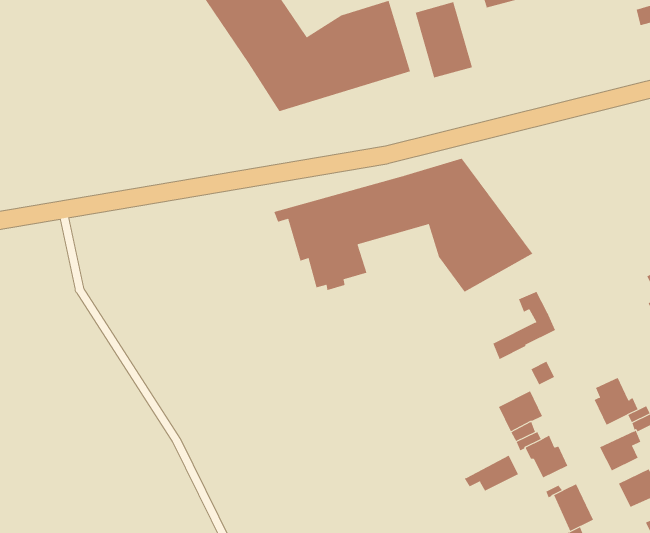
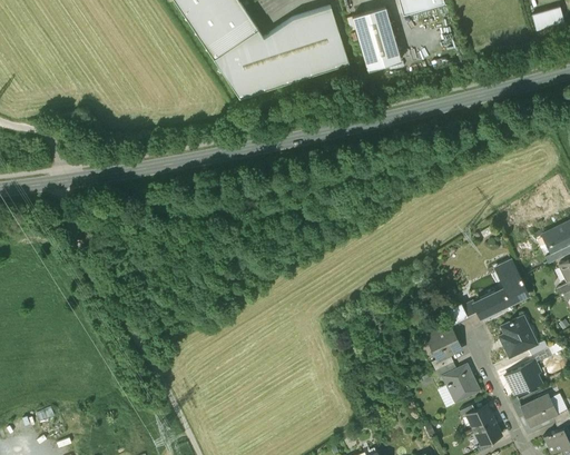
building: [274,158,533,292] -> none
building: [492,291,556,360] -> [475,263,528,319]
building: [464,455,519,491] -> none

